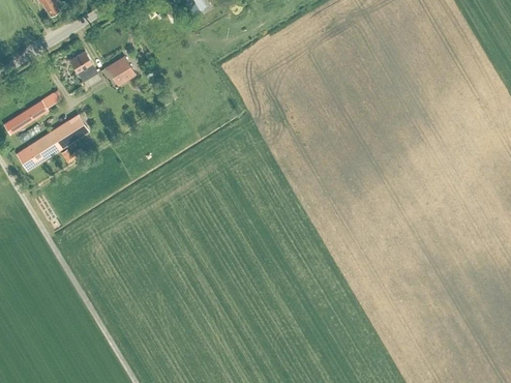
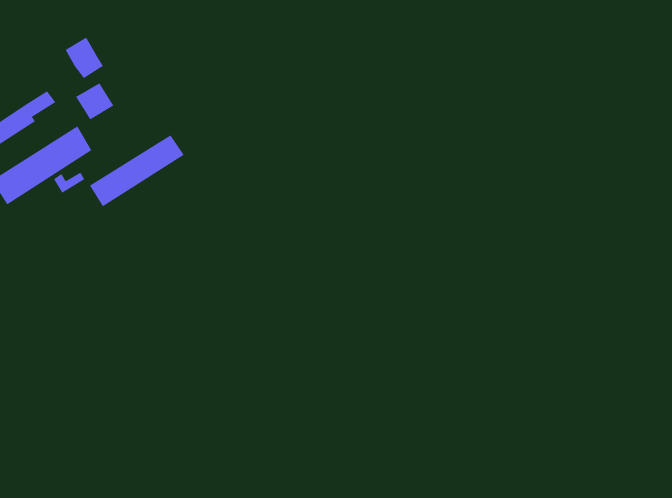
building: [106,56,133,83] -> [75,82,114,120]
building: none -> [89,134,185,207]

